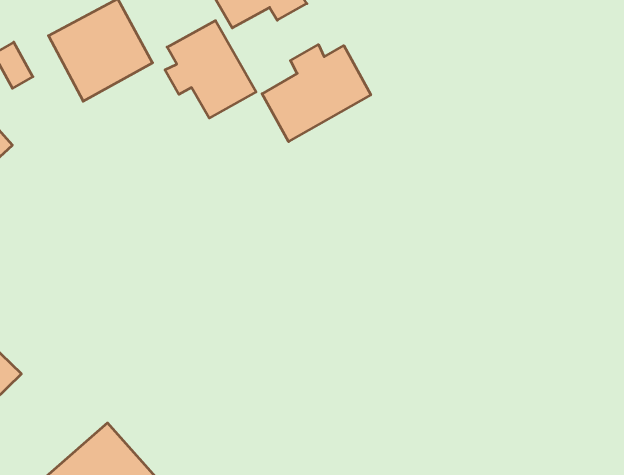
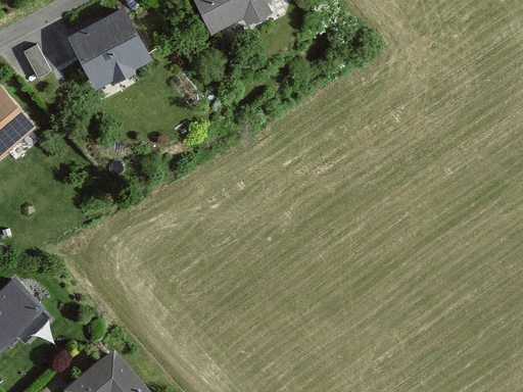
building: [165,21,256,118] -> none
building: [262,45,371,142] -> none

